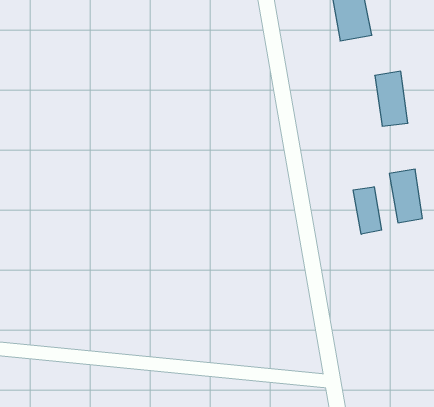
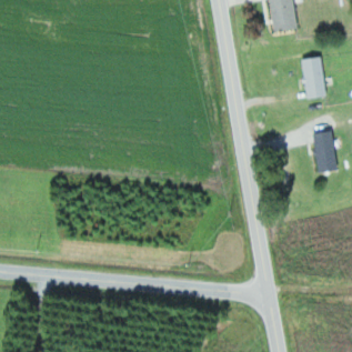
building: [353,187,382,234] -> none

